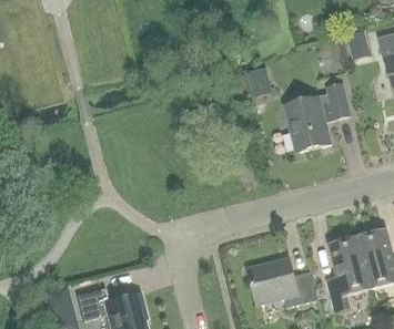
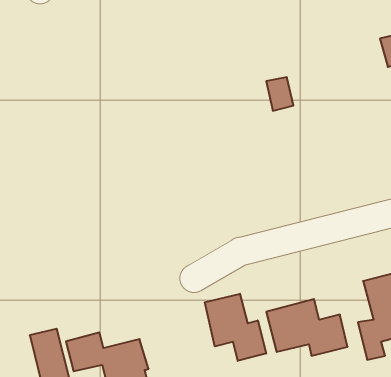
building: [284,83,350,152] -> none
building: none -> [205,294,266,361]

